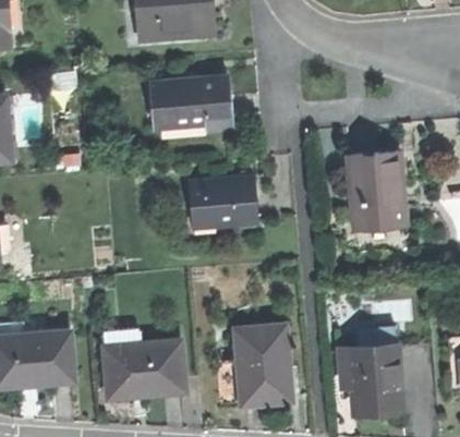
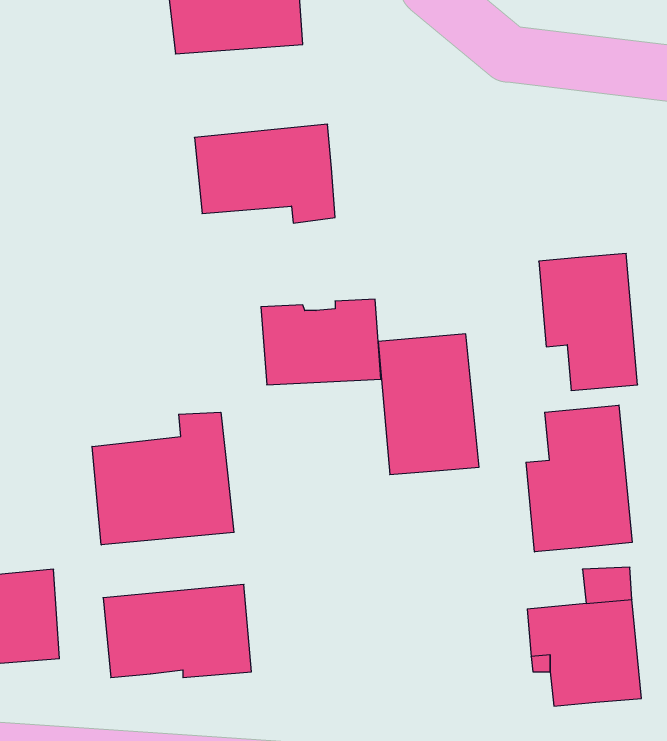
building: none -> [526,405,632,552]
building: none -> [92,412,234,545]
building: [234,324,292,404] -> [378,334,479,475]

